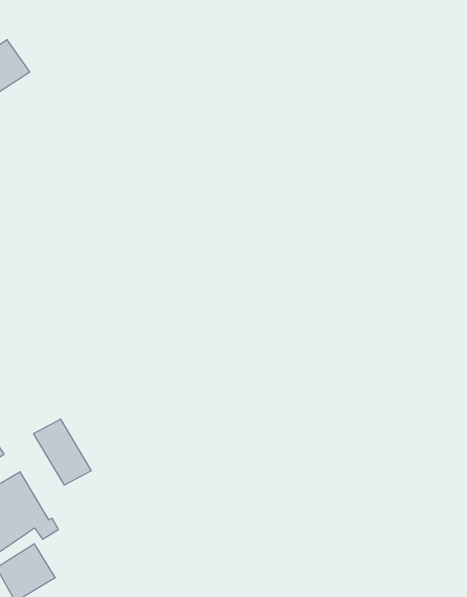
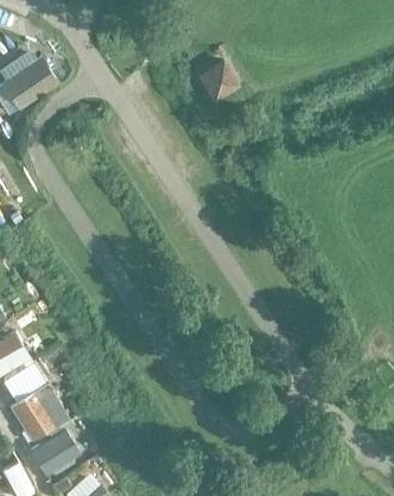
building: none -> [203,64,239,101]
building: [34,419,91,485] -> none

